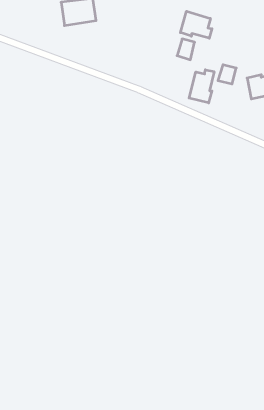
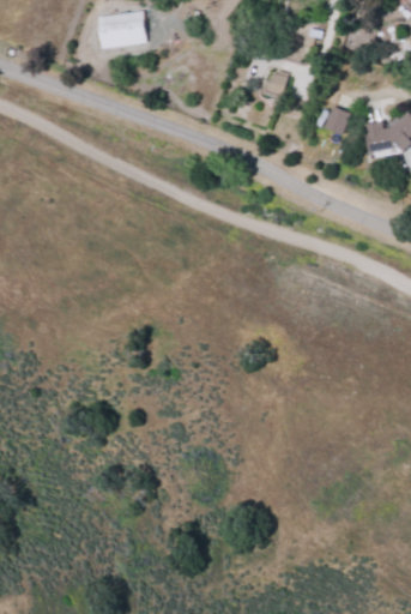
building: [180,11,212,38] -> none
building: [189,70,214,103] -> none

